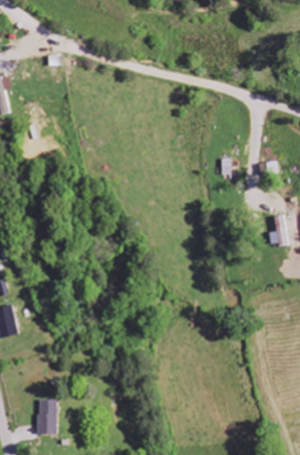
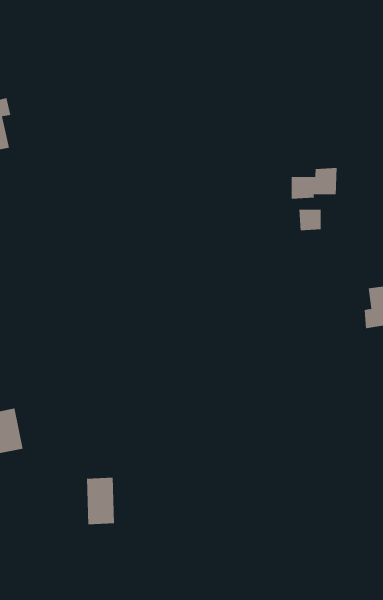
building: none -> [291,167,337,200]
building: [37,399,58,434] -> [86,477,115,525]

